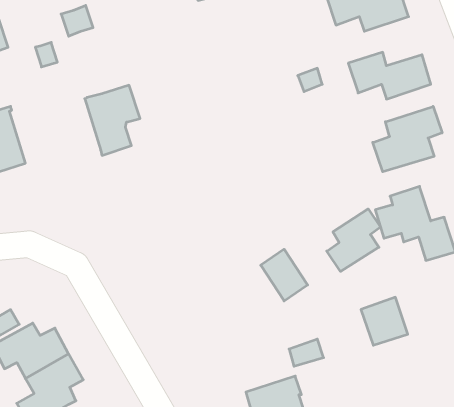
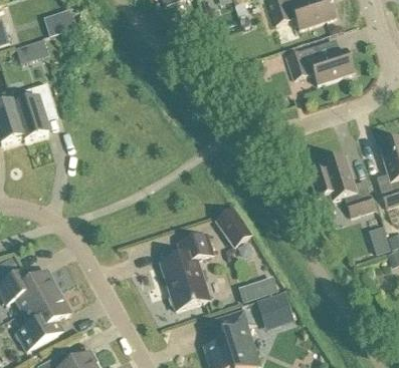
building: [85,85,140,155] -> [10,82,55,139]
building: [373,106,442,172] -> none
building: [327,209,381,271] -> none
building: none -> [161,233,213,309]
building: [361,297,408,345] -> [256,290,294,329]

